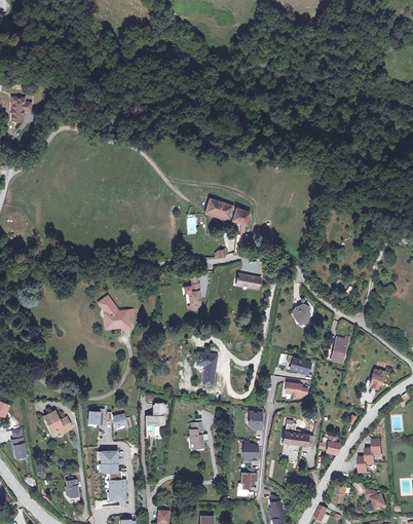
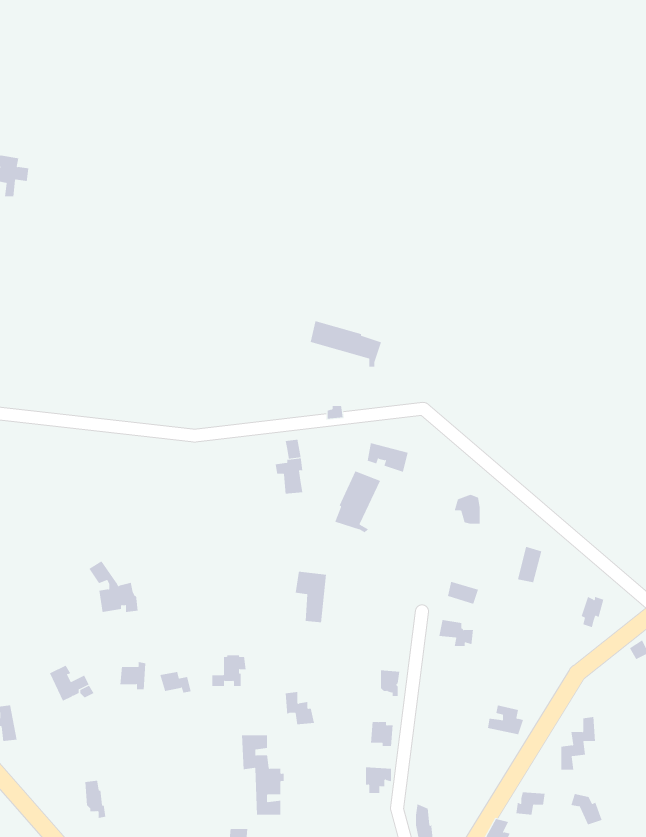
building: none -> [334,471,381,533]
building: [98,297,128,329] -> [88,561,139,612]
building: [283,422,313,447] -> none
building: [100,451,126,500] -> [241,735,285,815]

